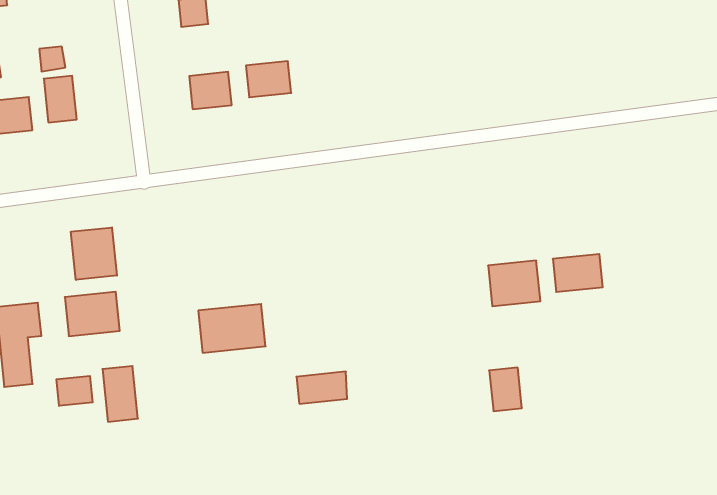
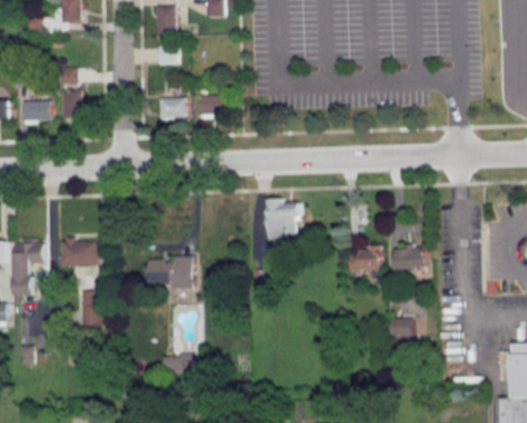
building: none -> [266,199,302,245]
building: [71,227,117,280] -> none
building: [489,368,522,411] -> [392,317,412,345]
building: [296,372,347,404] -> [166,354,200,373]
building: [56,376,93,406] -> none

